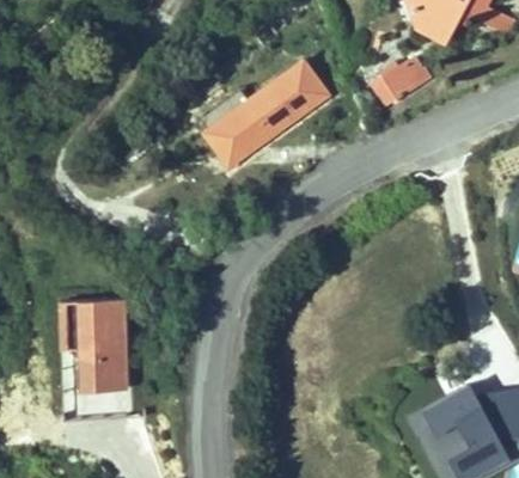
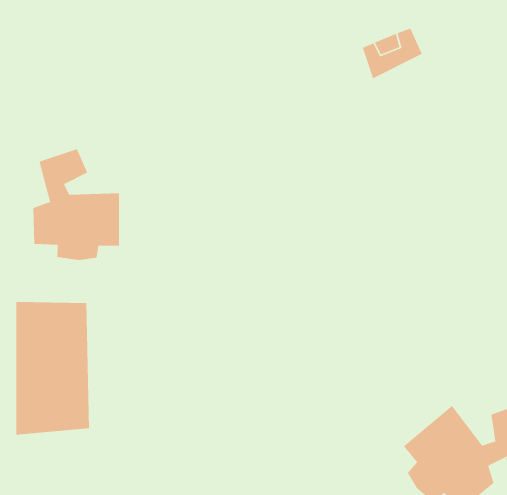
building: [215,45,350,160] -> none
building: none -> [33,148,120,261]

